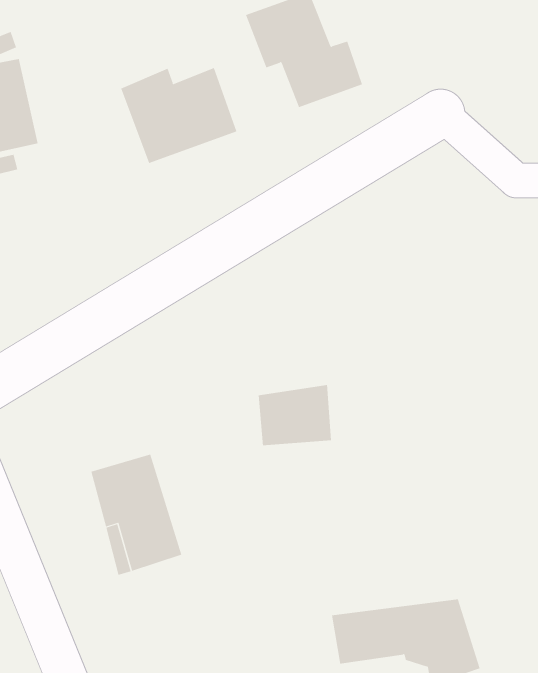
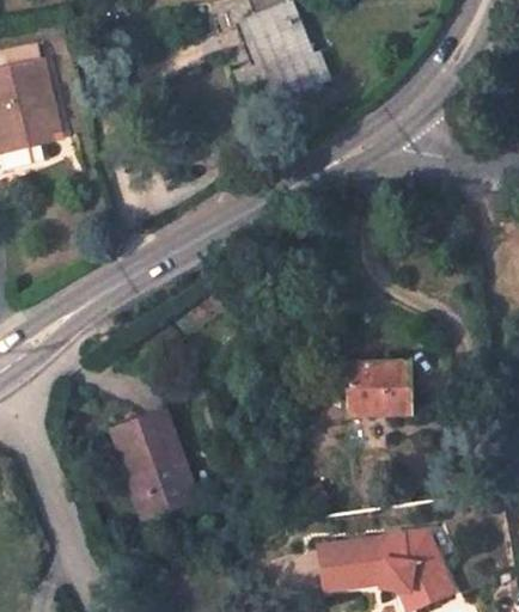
building: [121,67,237,164] -> none
building: [258,384,332,446] -> [342,361,407,415]

